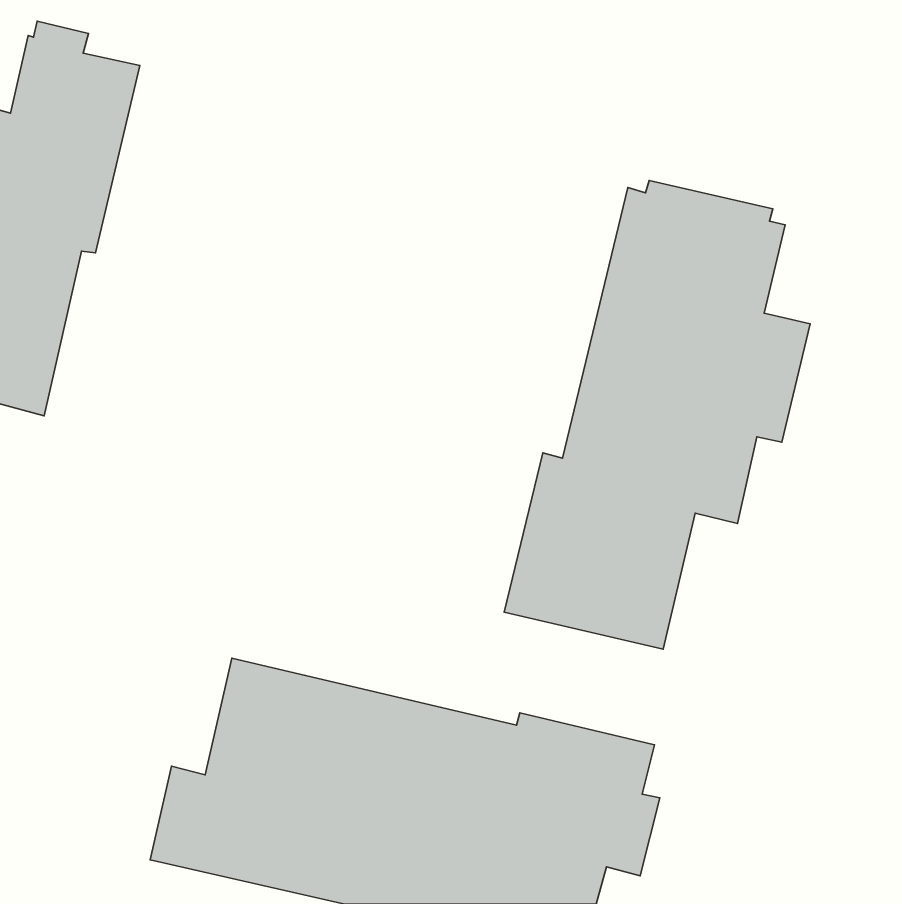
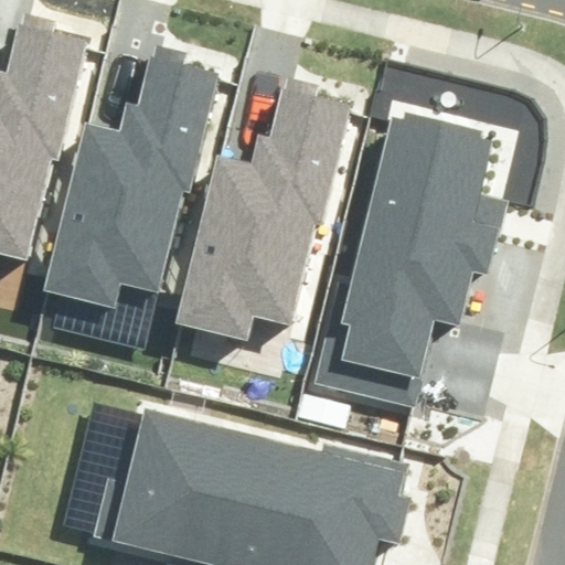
building: none -> [44,46,217,307]
building: none -> [175,78,349,340]

